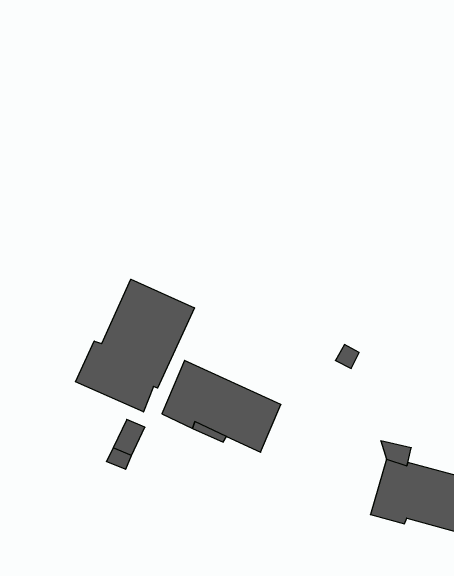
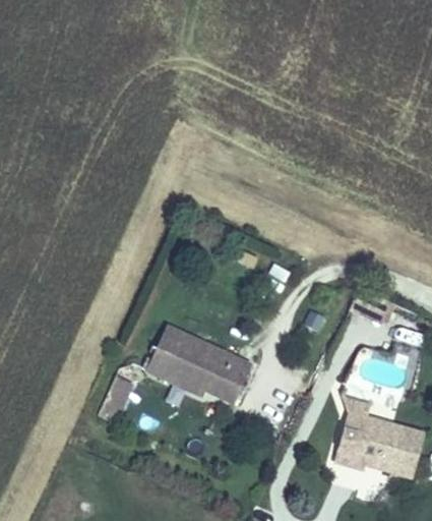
building: [75,279,194,412] -> none

